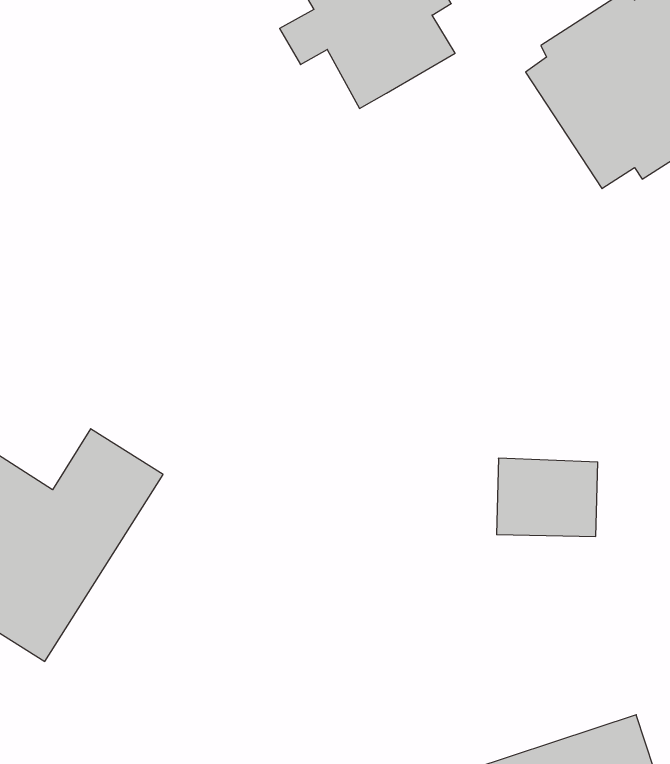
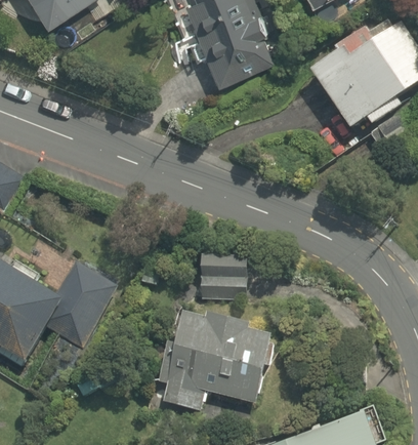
building: [497,458,598,536] -> [197,256,251,298]
building: none -> [159,313,269,414]

